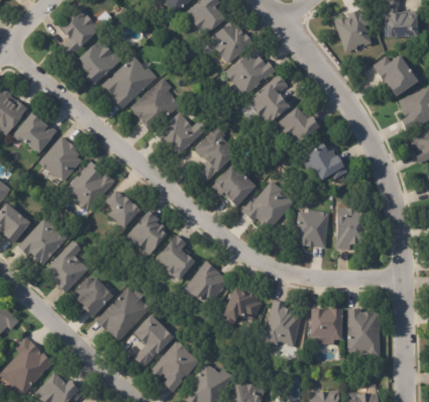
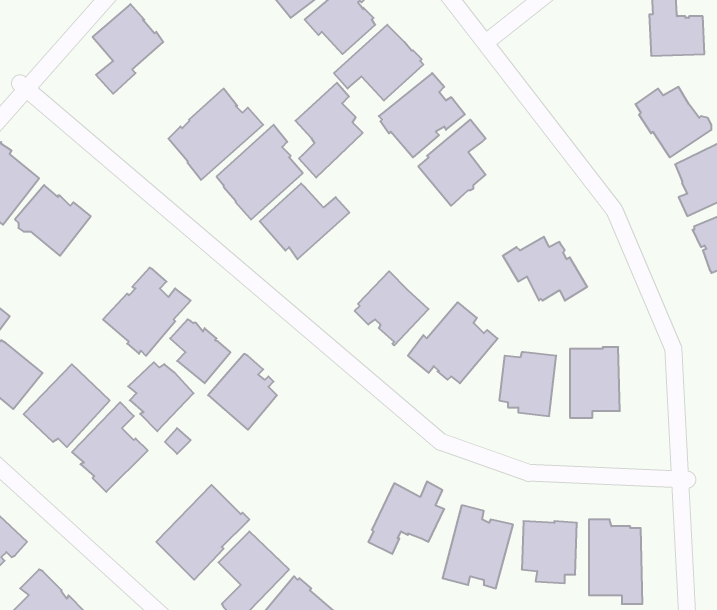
building: [334,8,371,53] -> none
building: [79,37,123,85] -> none
building: [275,106,321,148] -> none
building: [194,126,233,182] -> [295,83,363,178]
building: [38,135,82,182] -> none
building: [154,233,194,281] -> none
building: [184,261,229,308] -> none
building: [73,278,111,318] -> [128,362,194,431]

